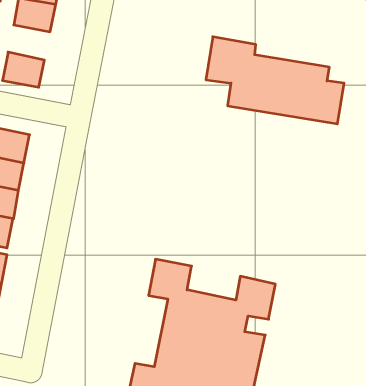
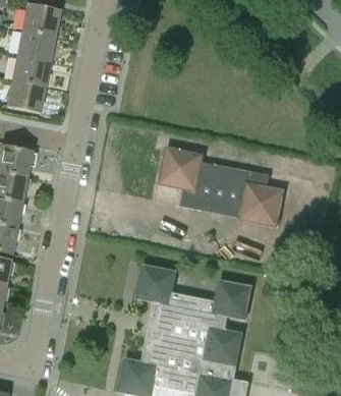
building: none -> [12,55,50,87]
building: [206,37,344,124] -> [162,144,286,222]

